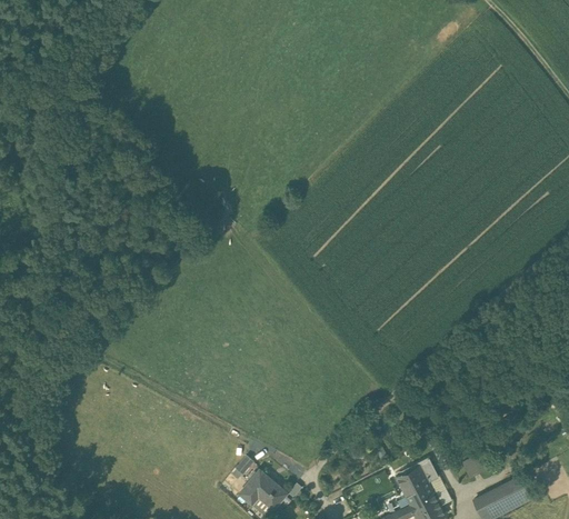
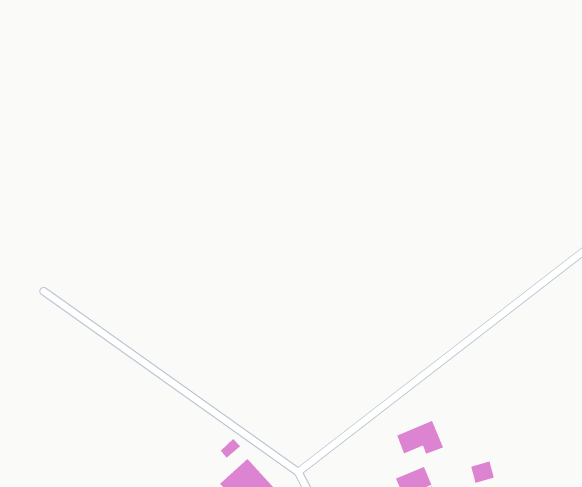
building: none -> [396,420,444,455]

